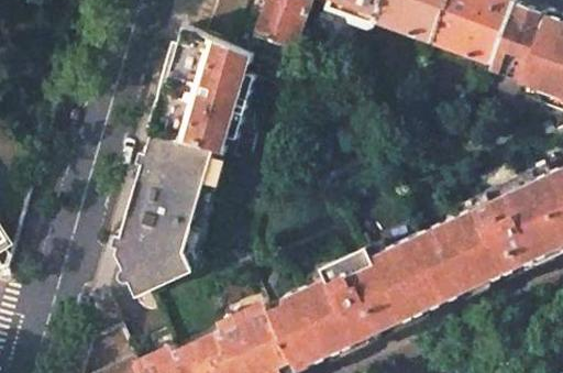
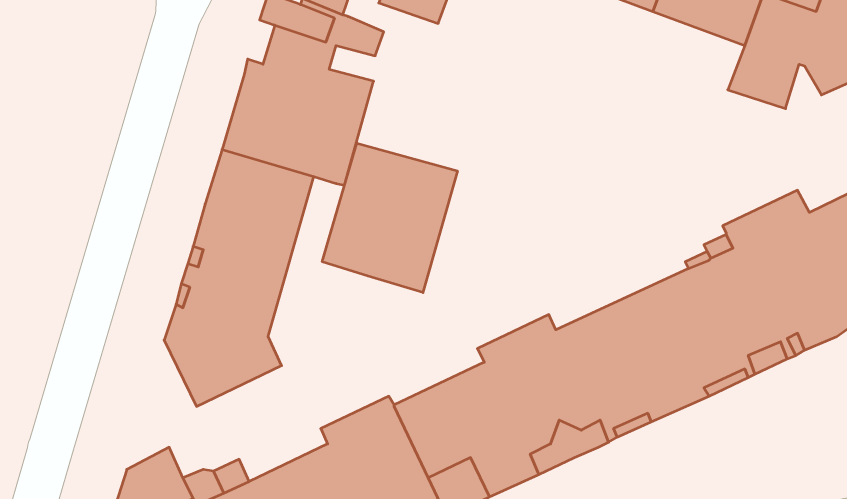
building: none -> [322,143,457,293]

